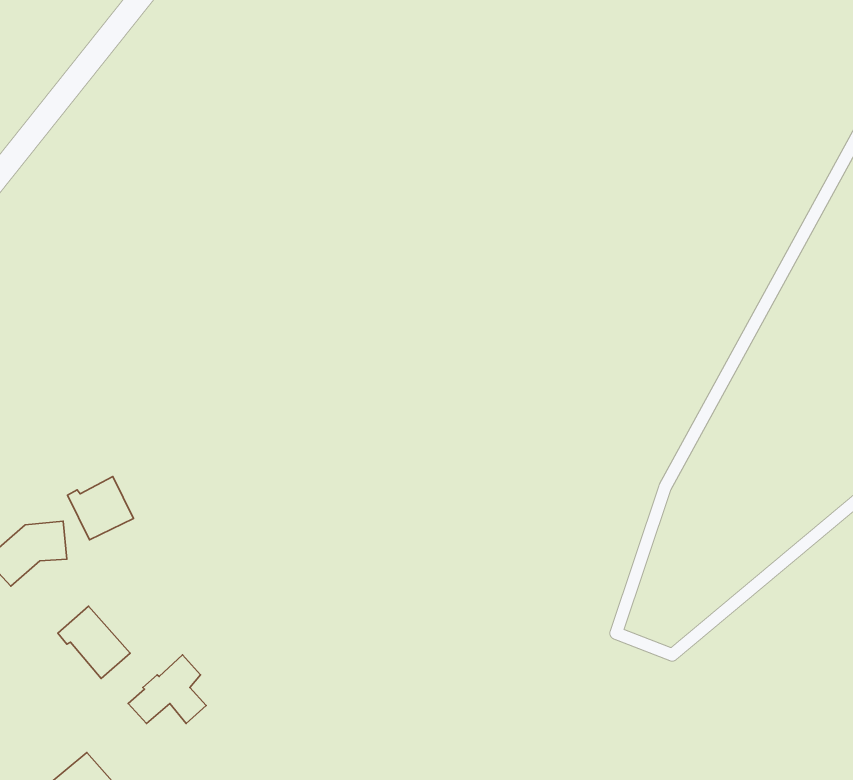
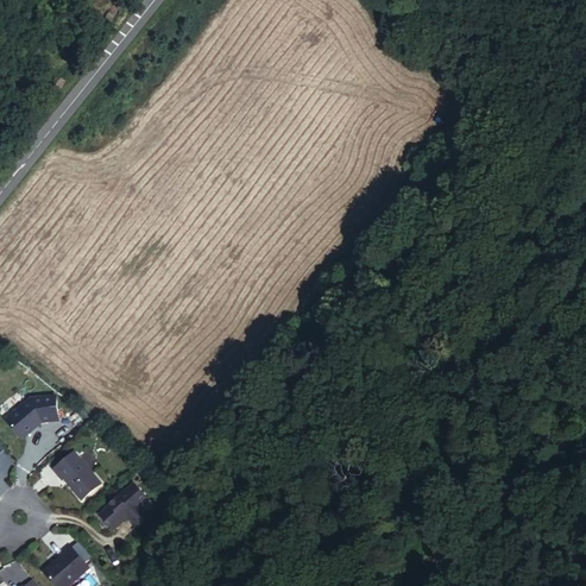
building: [68,477,134,540] -> none

